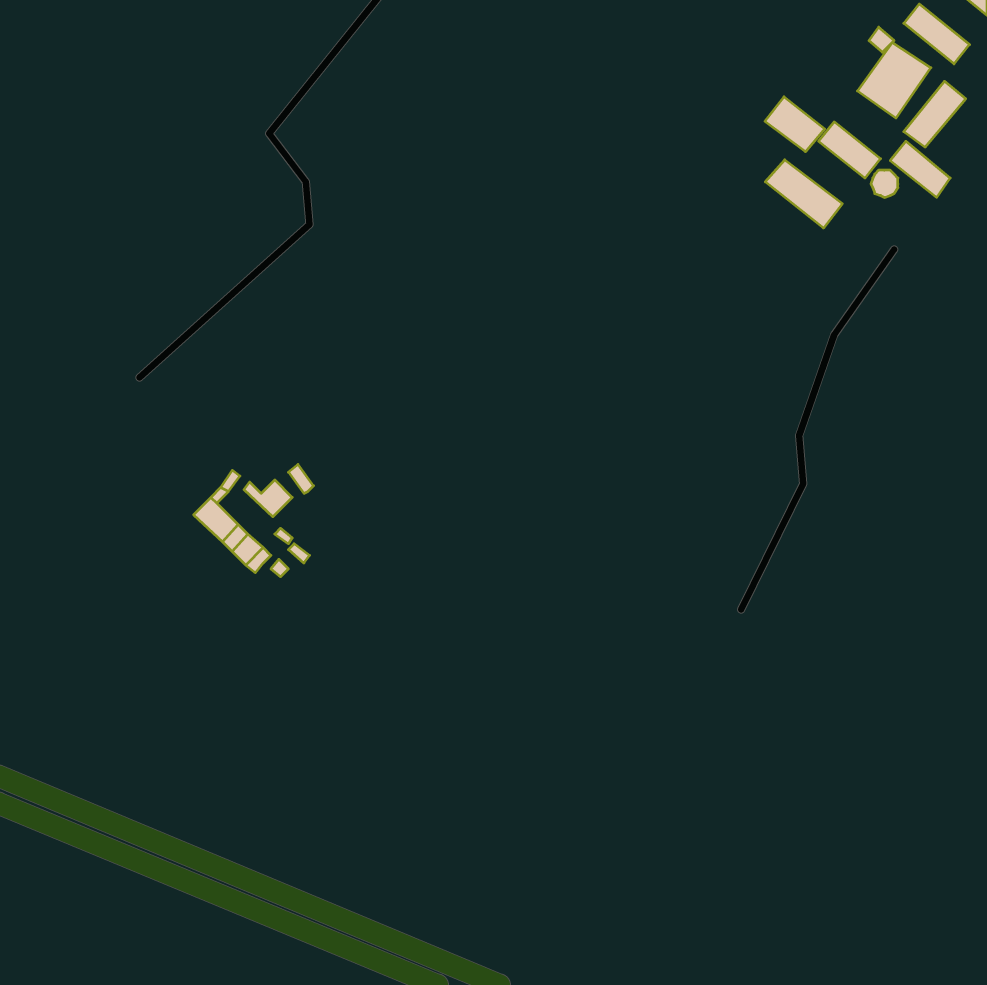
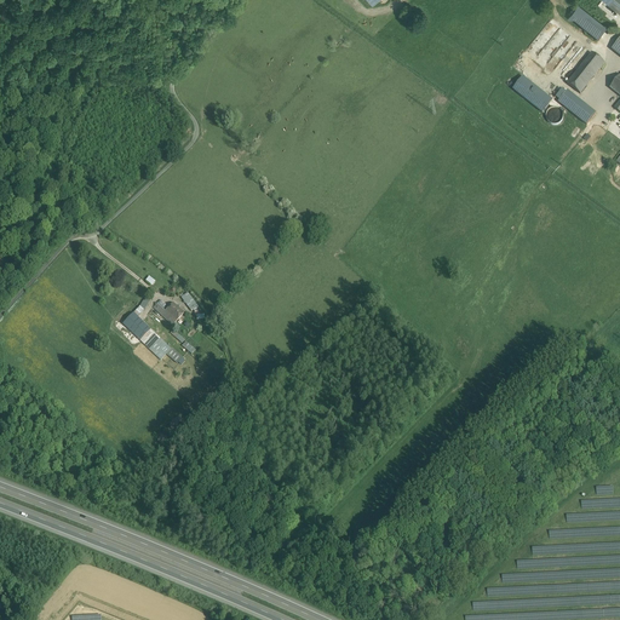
building: [765,97,825,152] -> none
building: [765,160,842,228] -> none

